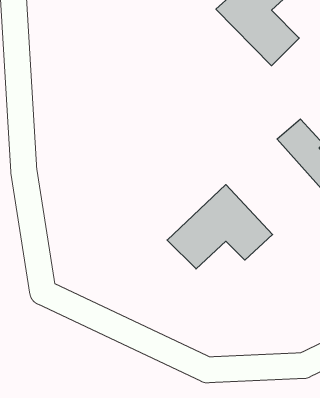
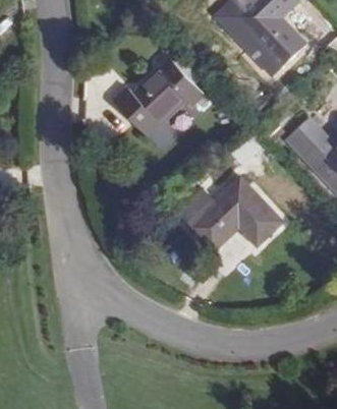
building: none -> [111,66,203,136]

